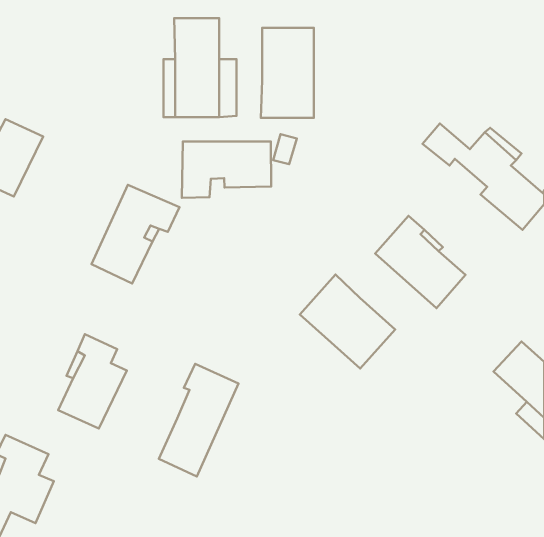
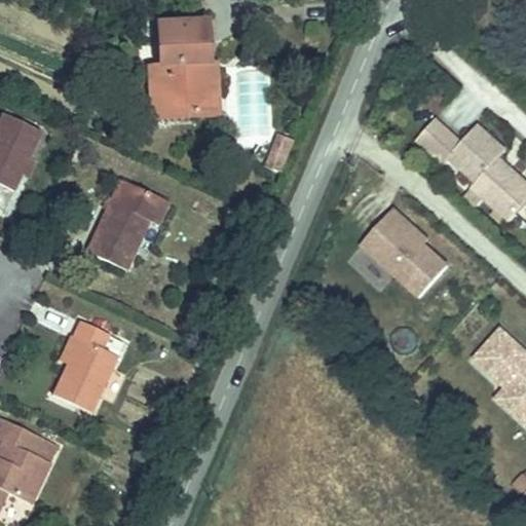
building: [261,28,314,118] -> none
building: [182,141,271,198] -> none
building: [300,275,395,369] -> none
building: [159,364,238,477] -> none

